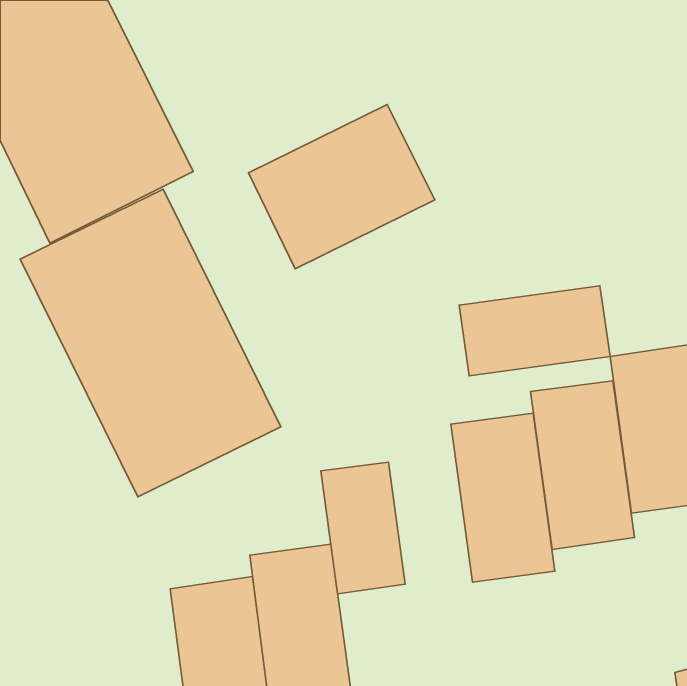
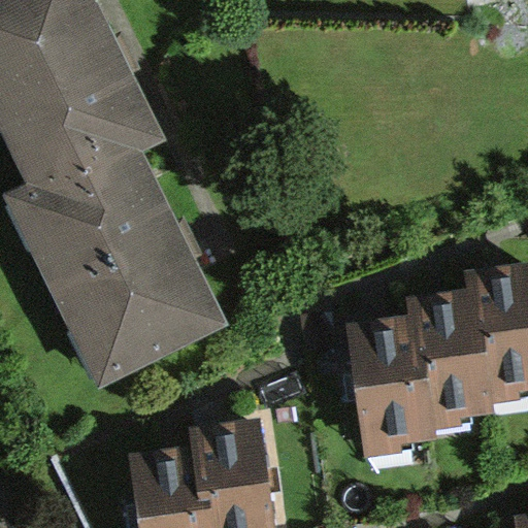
building: [249,105,435,269] -> none
building: [459,286,610,376] -> none
building: [321,462,405,594] -> none

